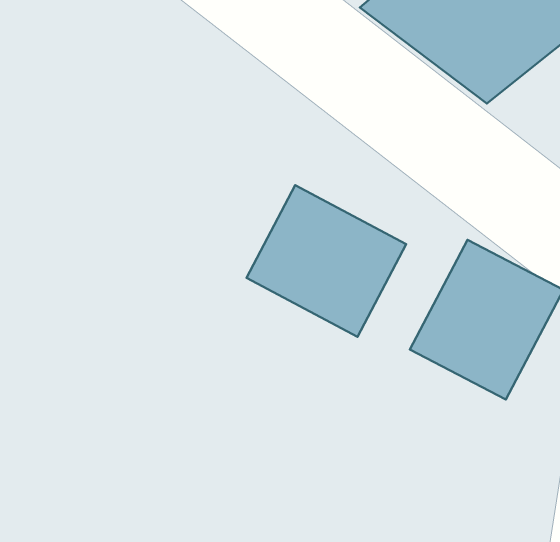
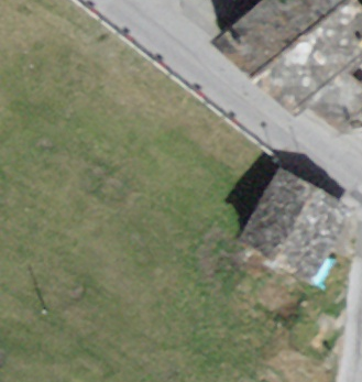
building: [246,185,406,337] -> none

